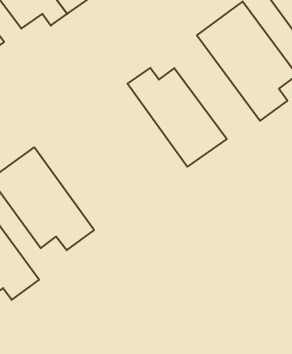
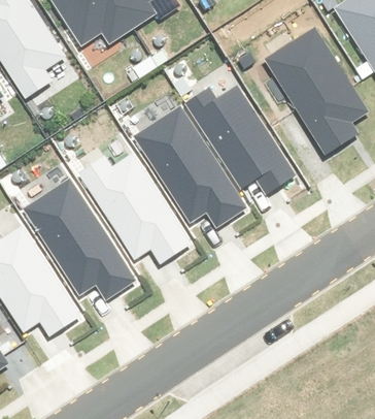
building: none -> [139,109,247,223]
building: none -> [83,155,186,265]

